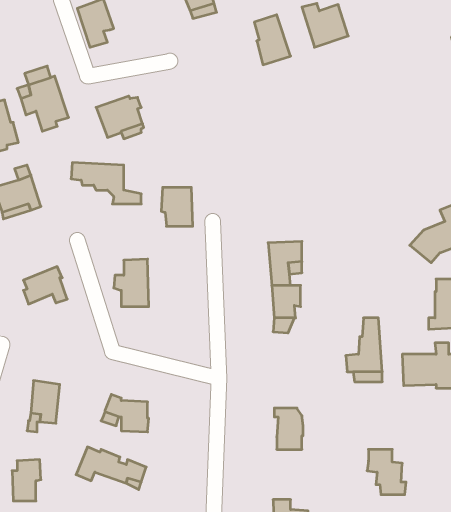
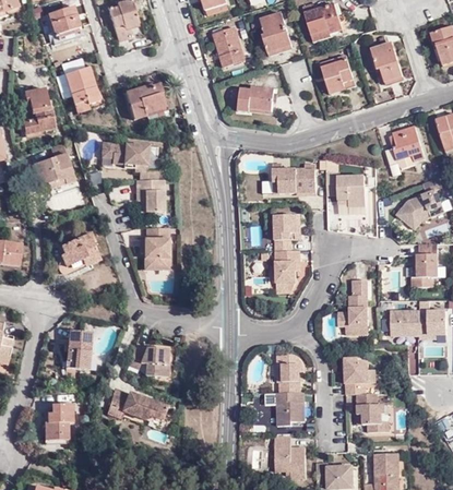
building: none -> [46,7,81,45]
building: none -> [212,27,245,68]
building: none -> [373,43,403,81]
building: none -> [318,51,355,89]
building: none -> [237,86,273,112]
building: none -> [383,128,425,169]
building: none -> [273,163,314,191]
building: [161,187,193,226] -> [135,178,163,212]
building: none -> [326,169,367,206]
building: none -> [346,355,380,392]
building: none -> [276,392,305,426]

